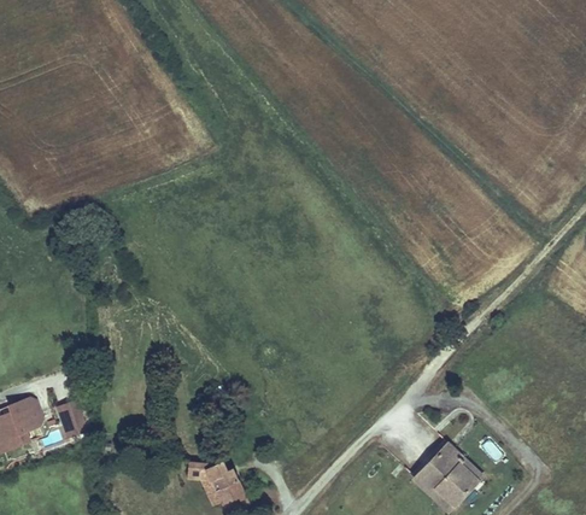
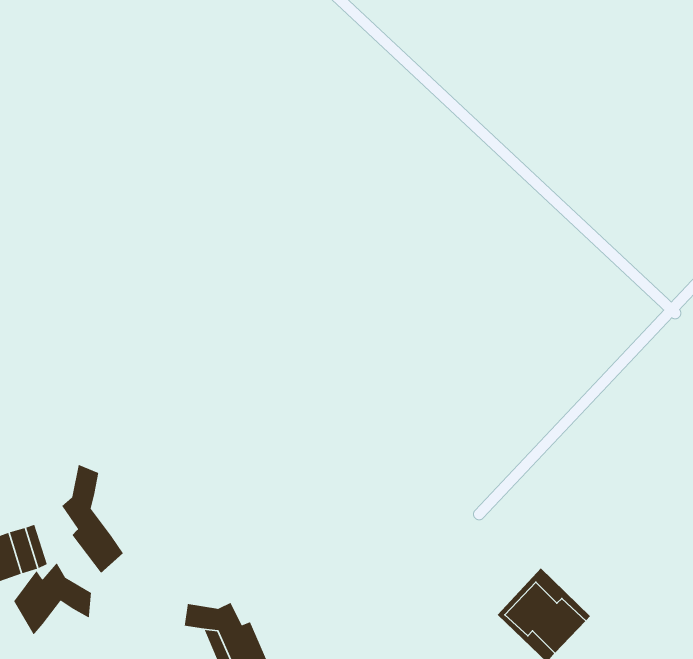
building: none -> [61,464,124,574]
building: none -> [13,562,92,636]

